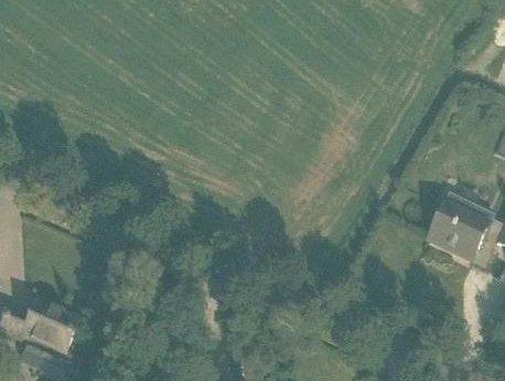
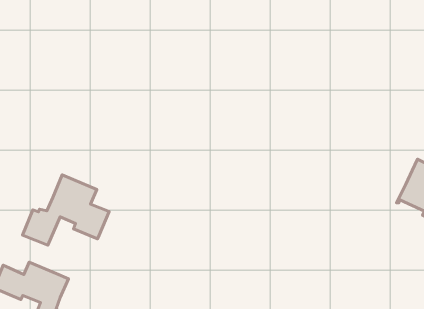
building: none -> [23,175,109,245]

